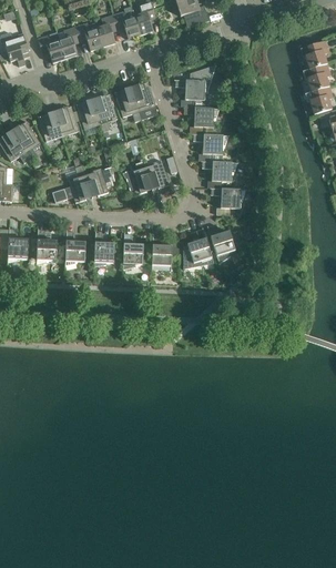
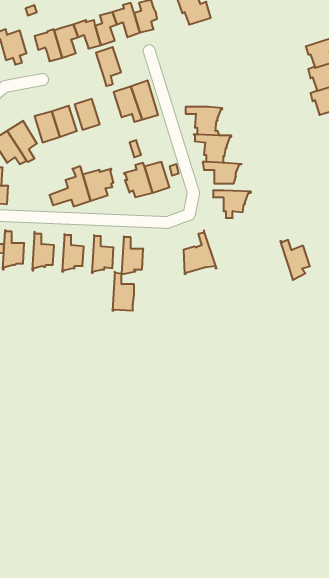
building: [174,64,215,106] -> none
building: [93,93,118,131] -> [96,47,121,86]
building: [206,224,235,263] -> [280,240,310,280]
building: [151,233,172,271] -> [112,272,134,311]

